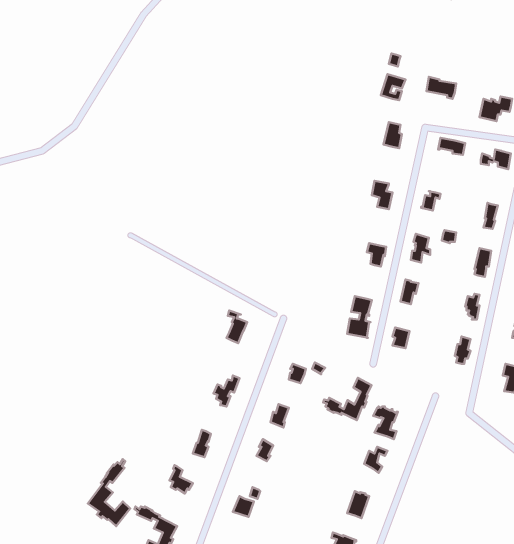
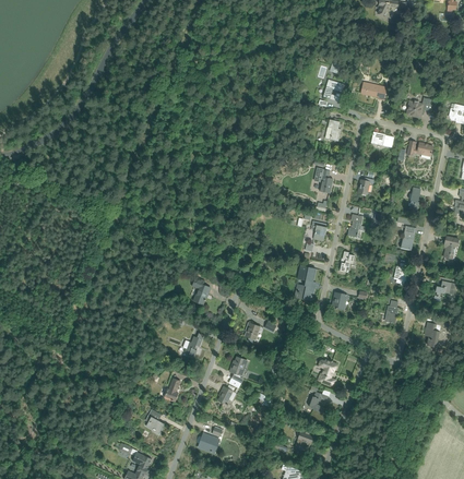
building: [323,378,372,420] -> none
building: [88,459,130,526] -> none

